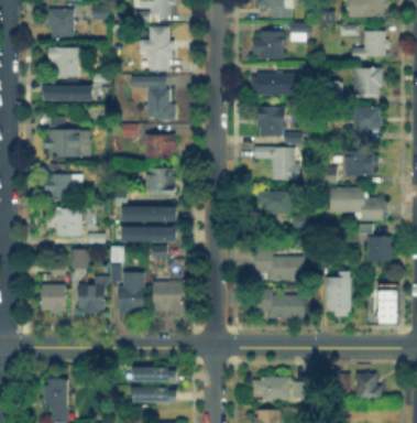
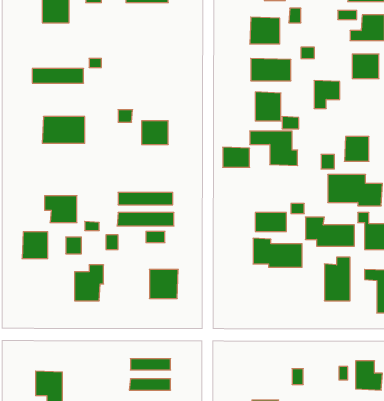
building: [140,28,173,68] -> none
building: [51,47,78,76] -> none
building: [131,77,174,120] -> none
building: [354,108,380,135] -> [314,81,340,108]
building: [146,170,173,194] -> none
building: [47,175,76,200] -> none
building: [264,192,290,212] -> [223,147,250,167]
building: [120,273,143,313] -> none
building: [40,285,65,312] -> [22,232,48,259]
building: [254,289,303,317] -> [305,217,354,246]
building: [250,372,286,397] -> none

